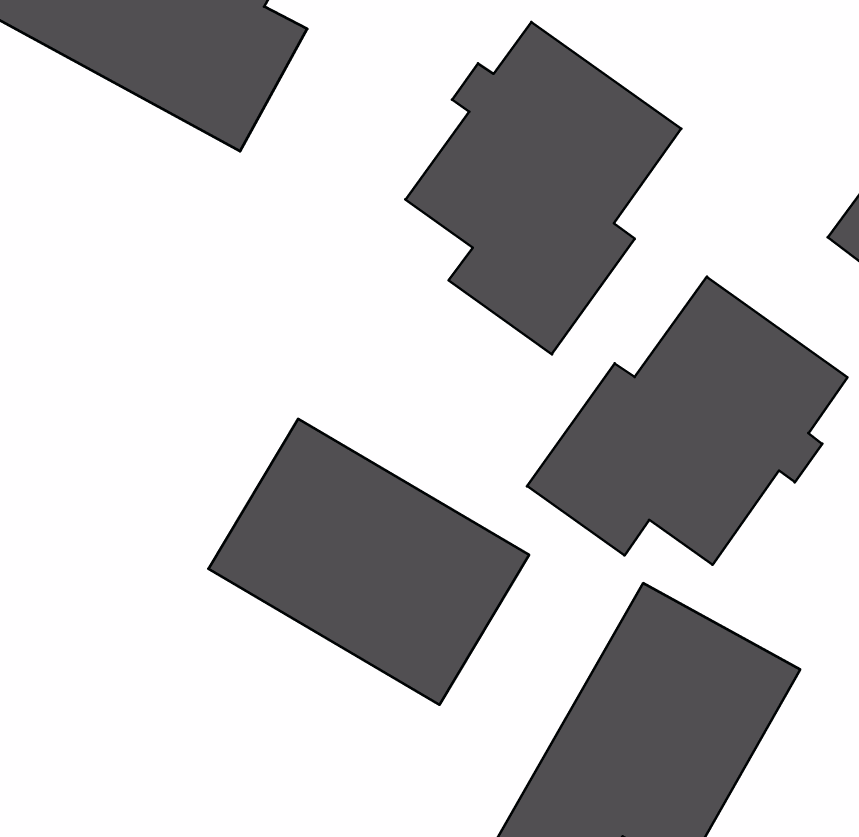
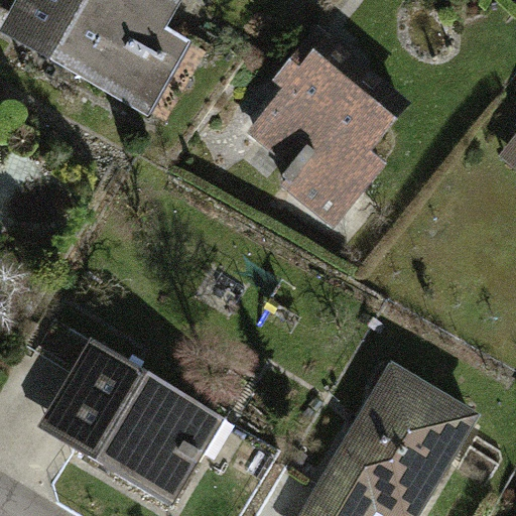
building: [527,277,847,565] -> none
building: [208,419,529,705] -> [37,338,225,505]

